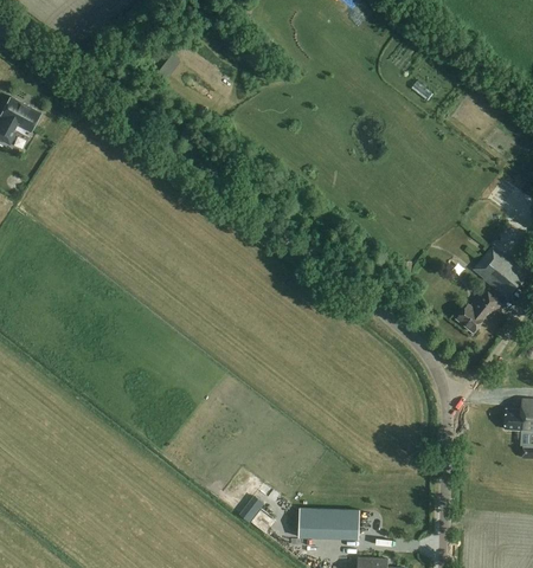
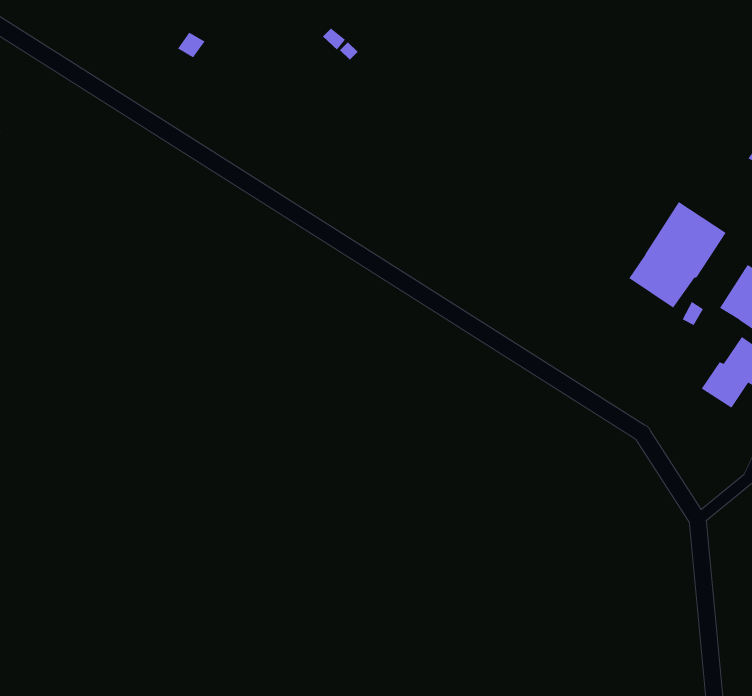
building: none -> [628,201,726,309]

